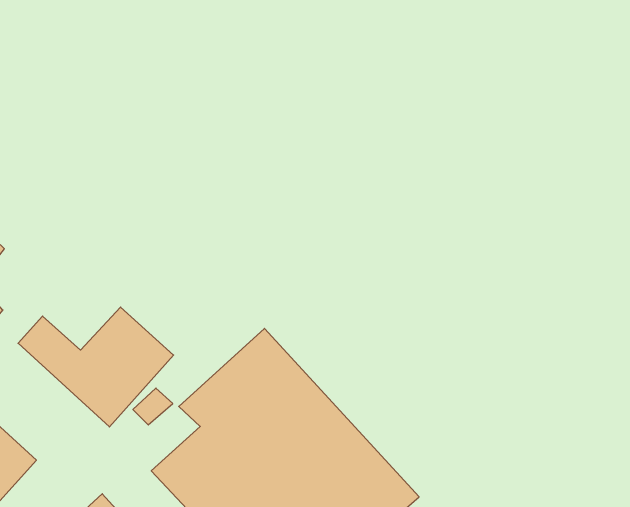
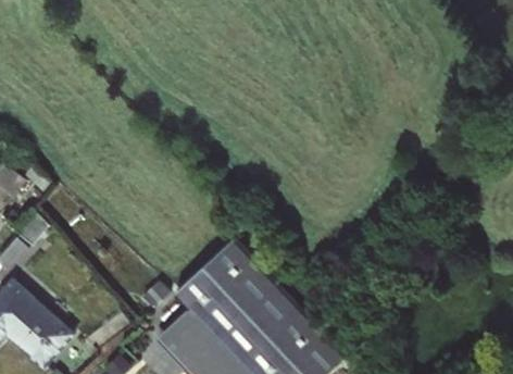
building: [18,307,174,427] -> none

